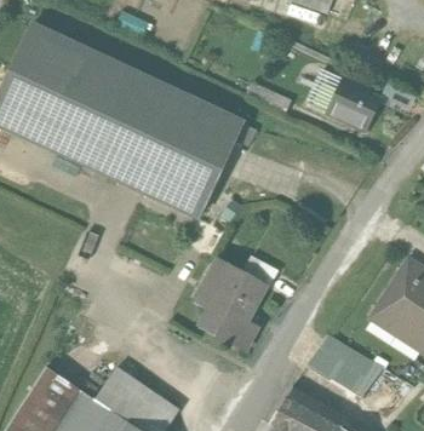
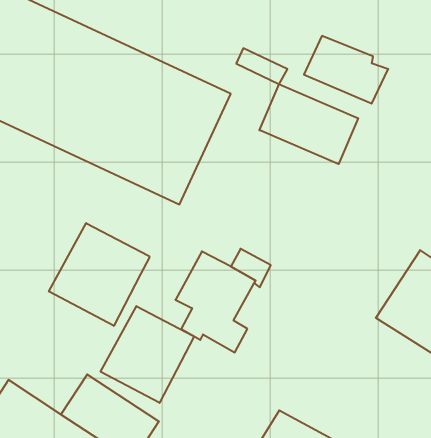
building: none -> [259,84,358,164]
building: none -> [49,223,149,326]
building: none -> [101,306,194,403]
building: [306,334,384,400] -> none

